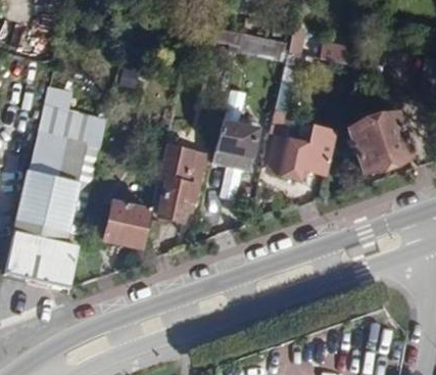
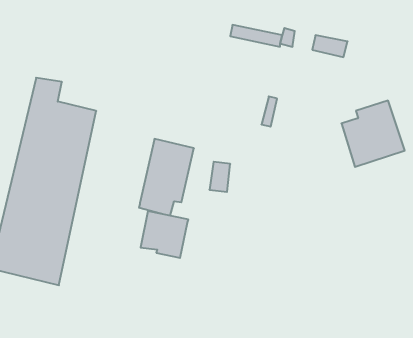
building: [212,120,259,171] -> none
building: [268,126,337,180] -> none
building: [104,202,151,248] -> [141,211,188,258]

